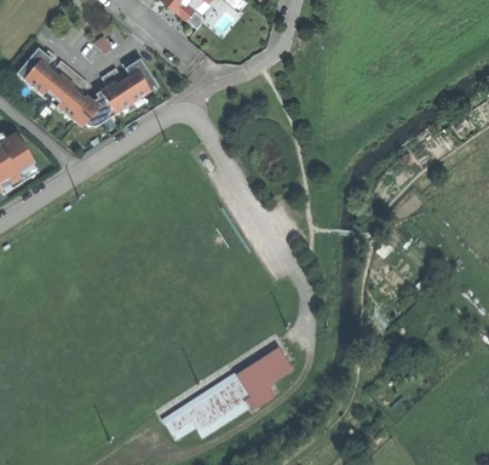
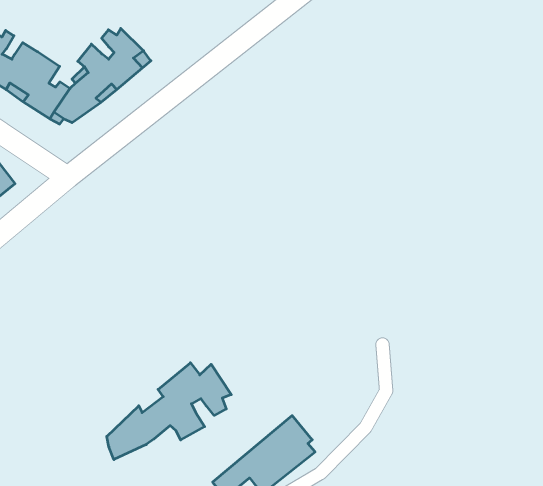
building: none -> [107,363,231,460]
building: [234,349,289,396] -> none

